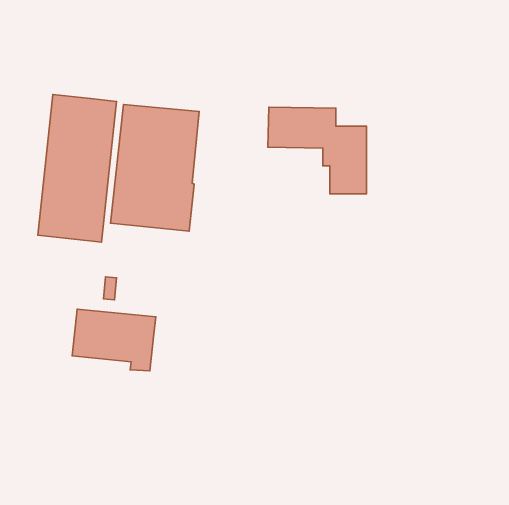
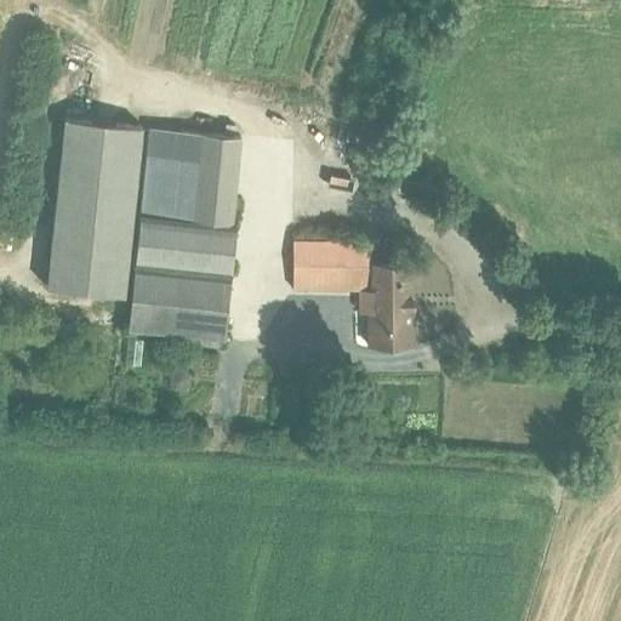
building: [268,107,367,194] -> [292,245,412,351]
building: [72,309,156,371] -> [129,277,230,352]

